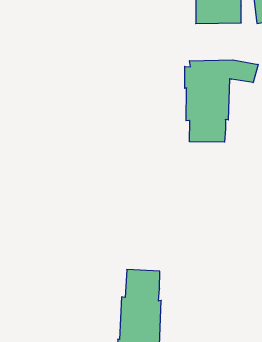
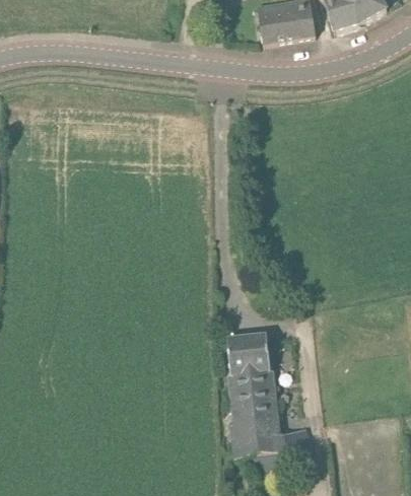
building: [185,60,258,142] -> none

